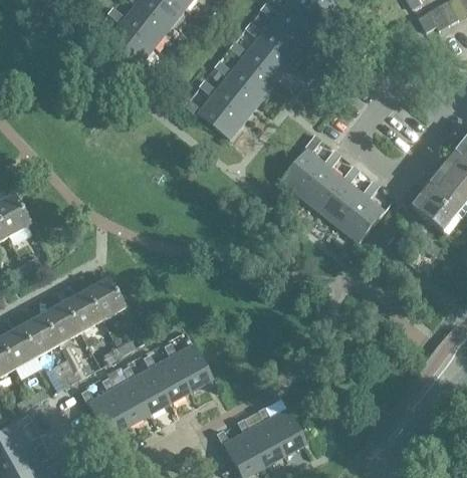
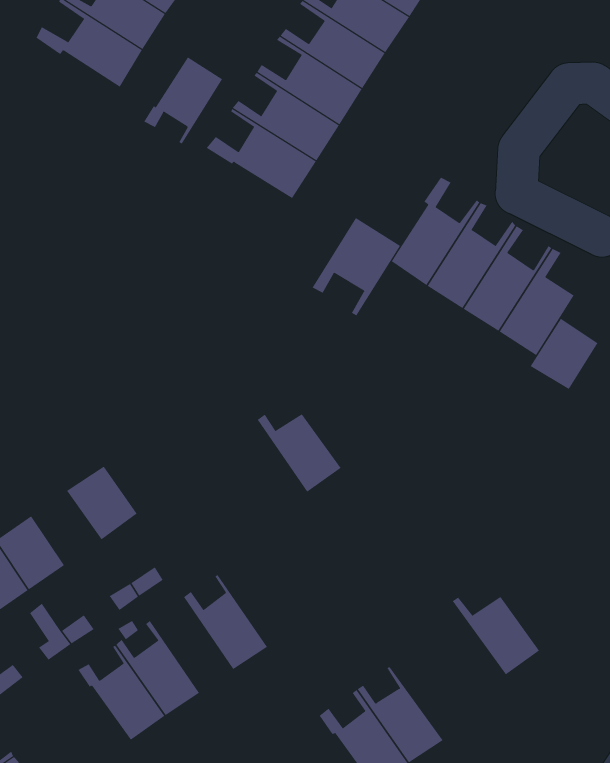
building: none -> [144,57,223,145]
building: none -> [312,217,401,316]
building: none -> [530,318,598,390]
building: [63,290,101,332] -> none
building: [166,343,211,391] -> [257,413,341,493]
building: [125,357,169,413] -> none
building: [258,407,305,454] -> [452,596,540,675]

